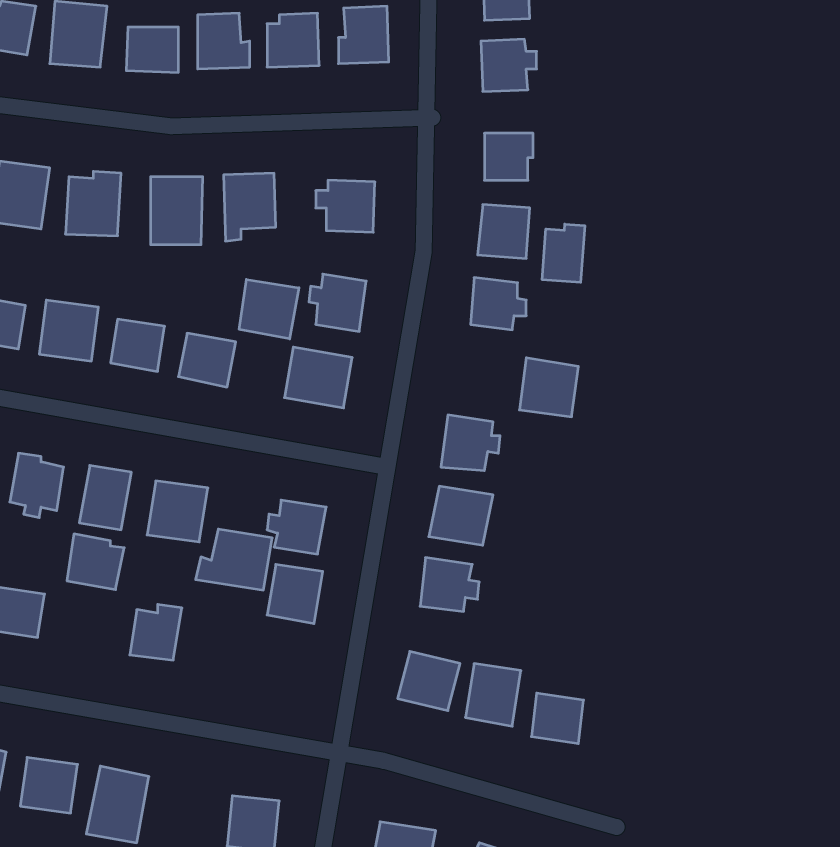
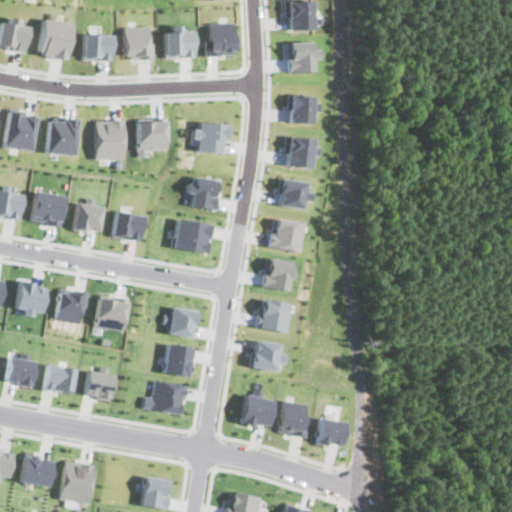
building: [542,224,585,282] -> none
building: [239,279,299,339] -> none
building: [519,358,578,417] -> [272,218,306,252]
building: [196,529,272,590] -> [143,380,187,415]
building: [67,534,124,590] -> [44,362,77,394]

